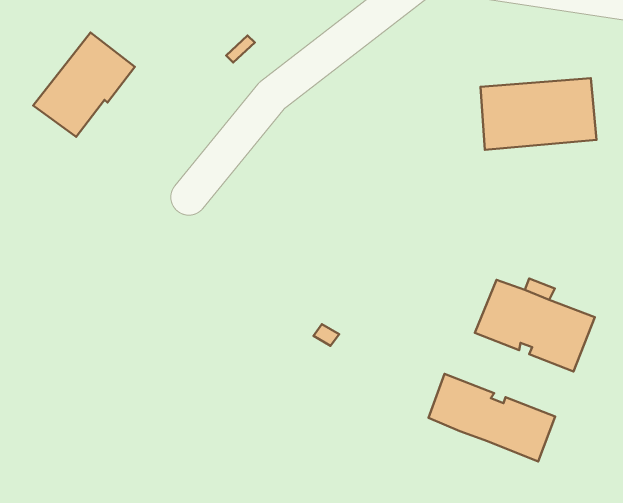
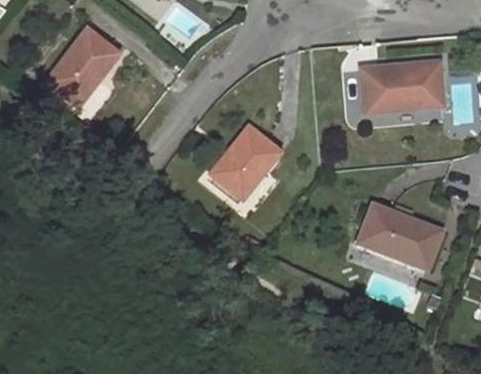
building: none -> [212,128,280,199]
building: [429,374,555,461] -> none

